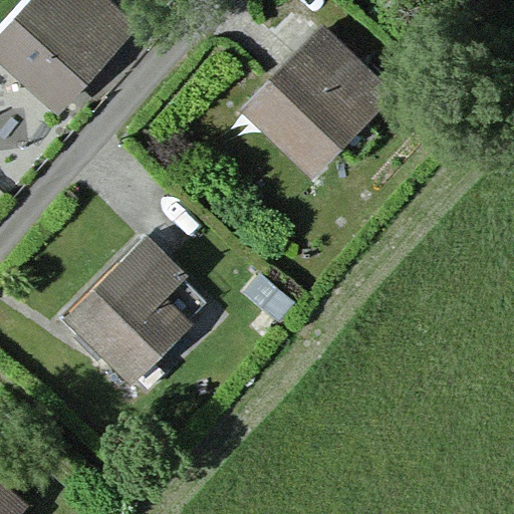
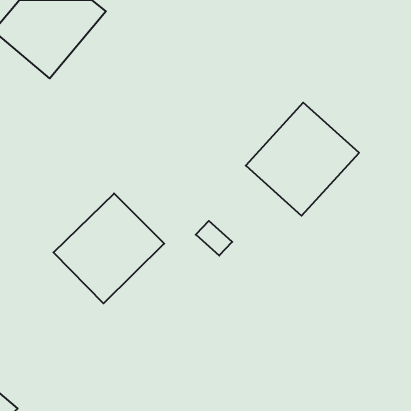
building: [247,34,388,175] -> [246,103,359,216]

